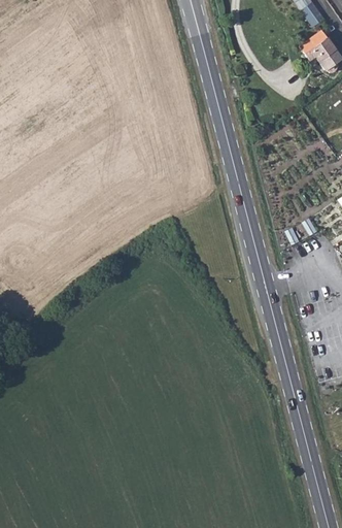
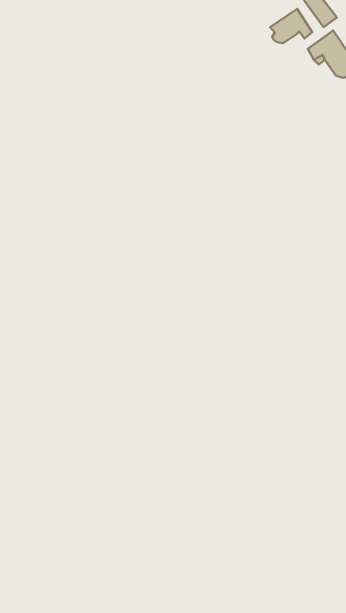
building: none -> [270,9,312,43]

